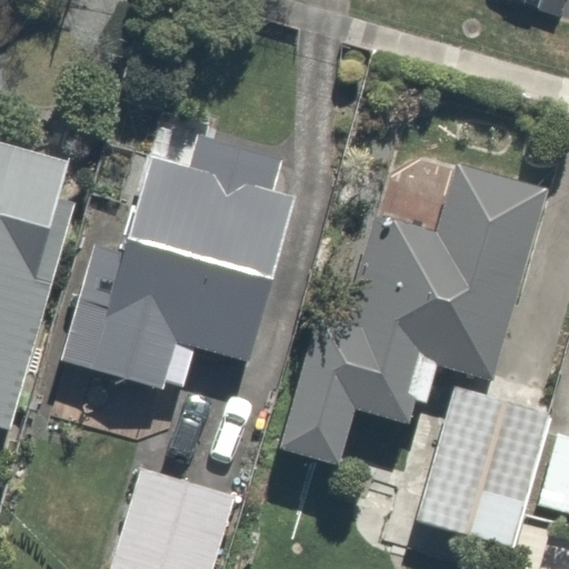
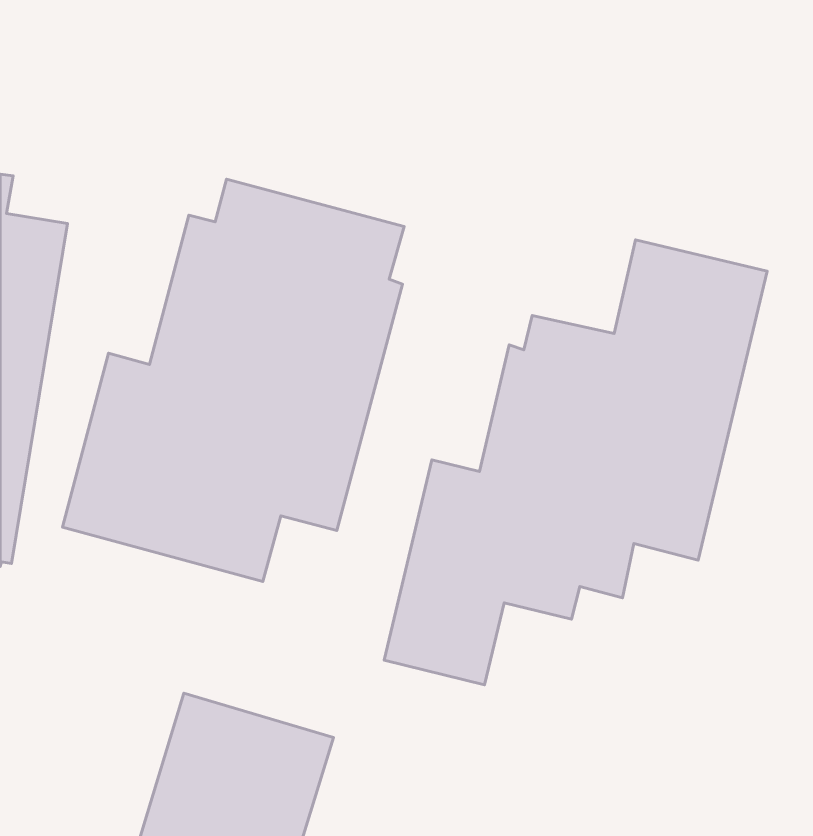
building: [419,403,548,548] -> none

